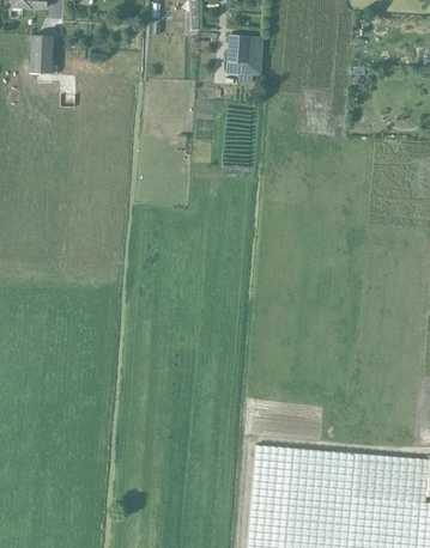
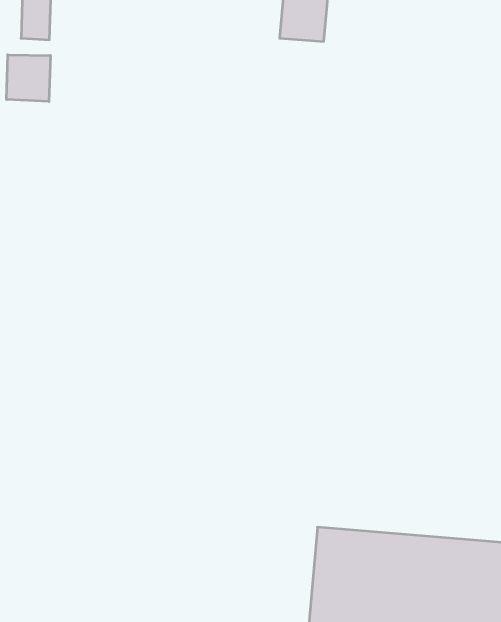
building: none -> [7,55,50,102]

